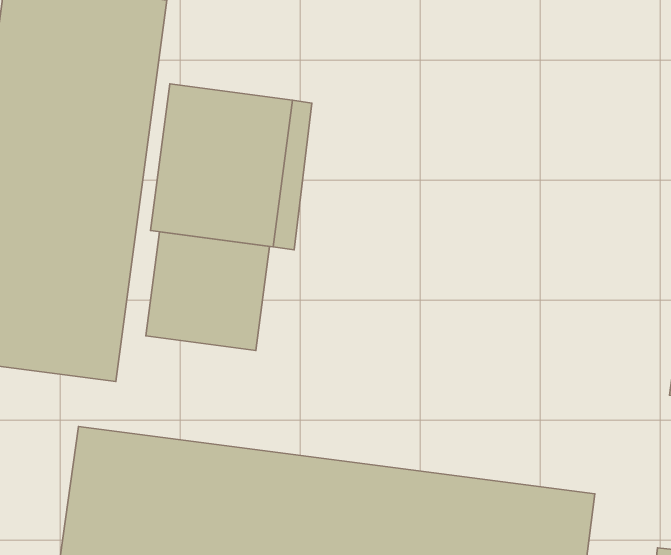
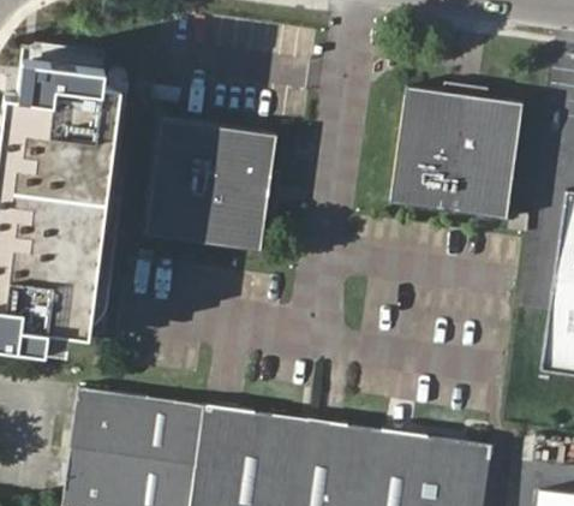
building: none -> [395,85,525,215]
building: [146,232,269,351] -> none

